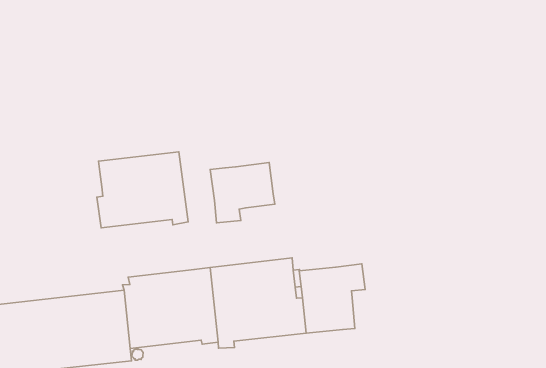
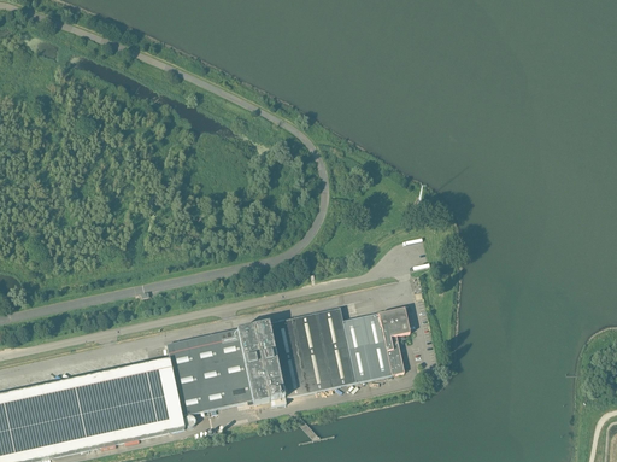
building: [97,152,188,228] -> none
building: [210,163,275,223] -> none

